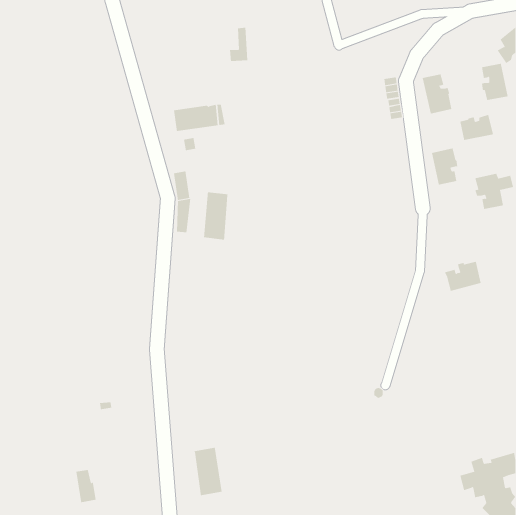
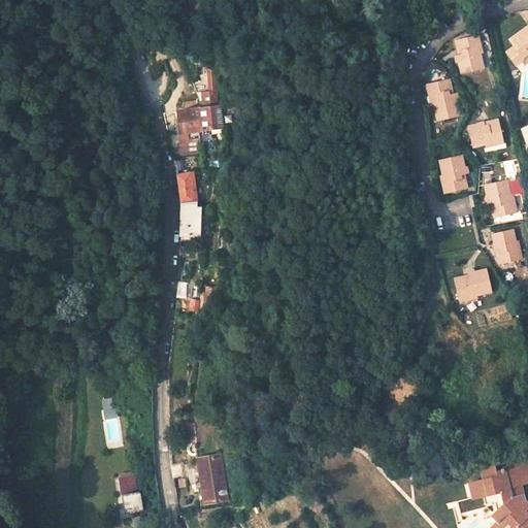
building: [229,27,248,62] -> [199,70,219,105]
building: [481,63,509,101] -> [457,34,485,72]
building: [203,192,229,240] -> none
building: none -> [491,228,519,263]
building: [75,469,97,503] -> [120,482,141,516]

